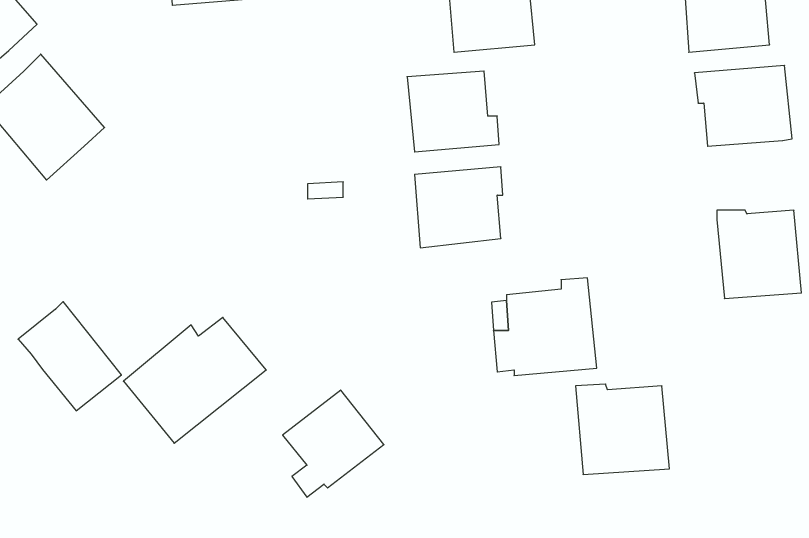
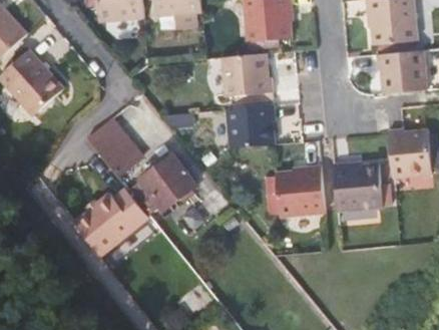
building: [18,302,121,411] -> [86,117,141,176]
building: [576,384,669,474] -> [333,162,383,211]
building: [283,390,384,497] -> [140,154,194,212]

